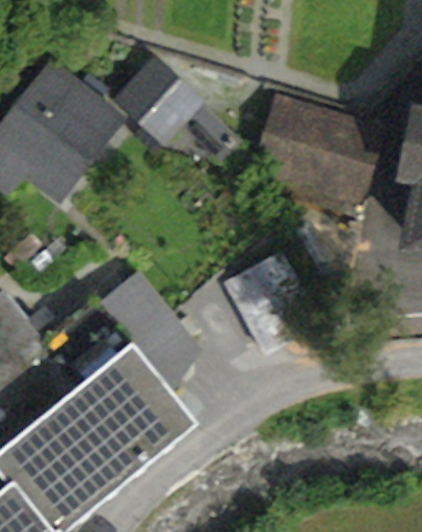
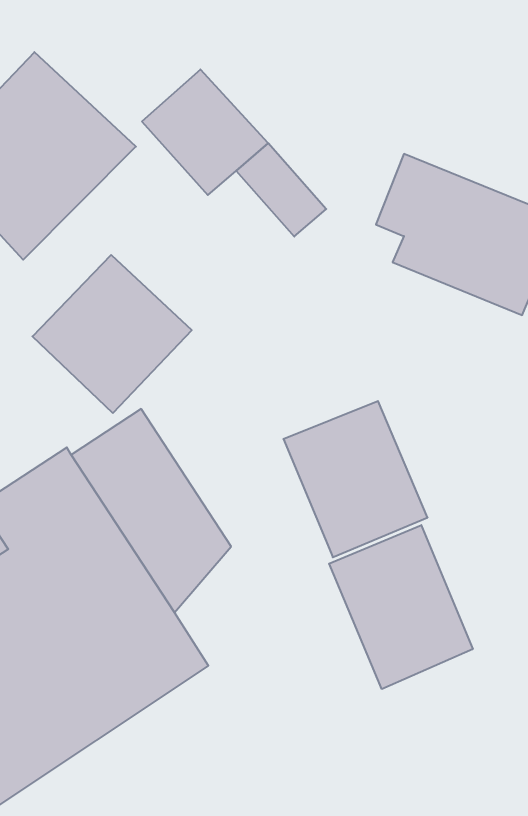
building: none -> [32,255,192,413]
building: none -> [329,525,473,689]

